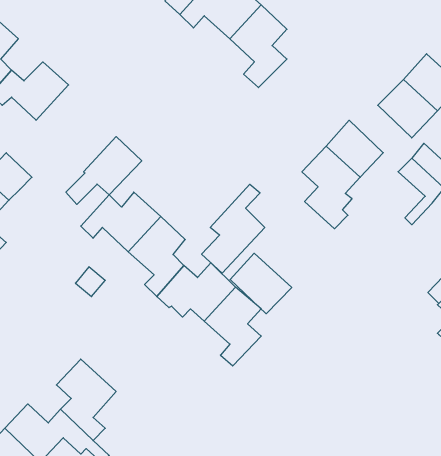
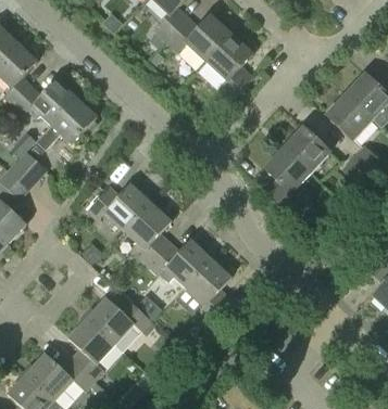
building: [66,137,142,204] -> [37,98,98,152]
building: [202,184,265,273] -> none
building: [230,253,292,314] -> none
building: none -> [87,296,157,343]

